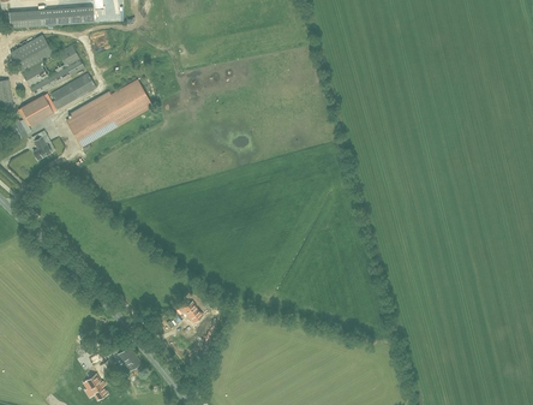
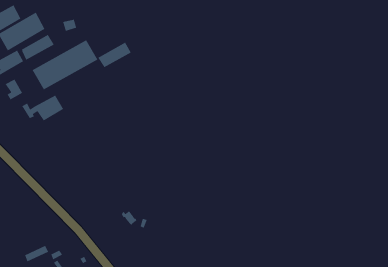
building: none -> [97,41,132,68]
building: none -> [21,94,64,122]

